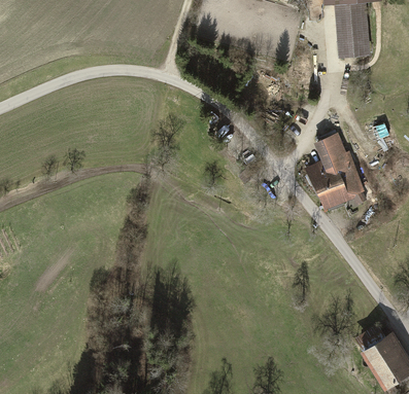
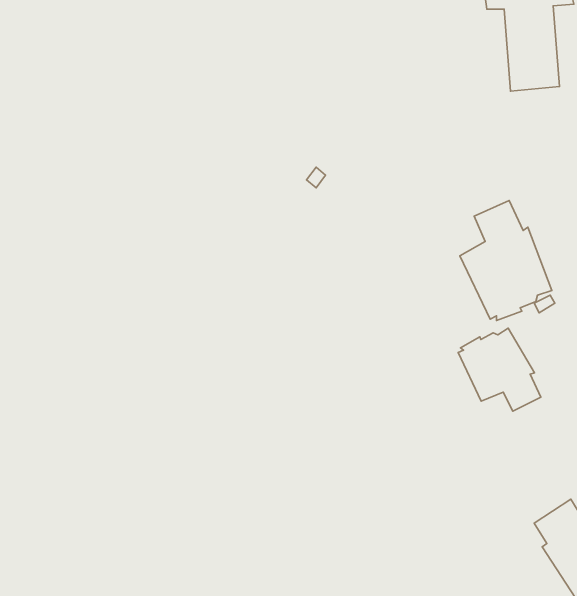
building: none -> [458,328,541,411]

